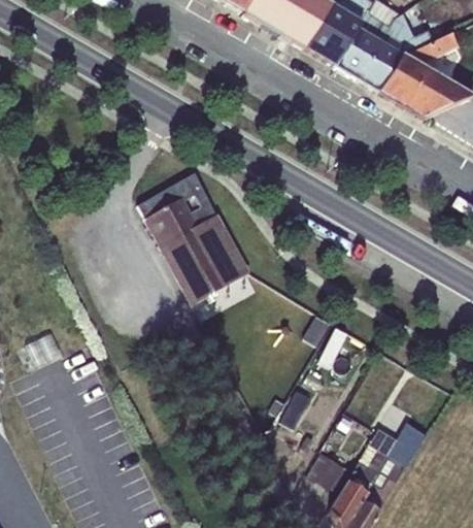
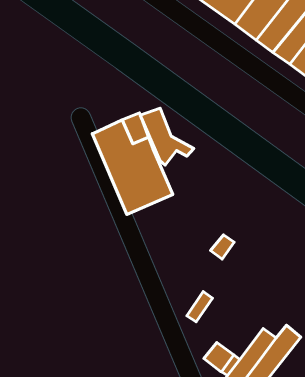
building: none -> [140,108,194,165]

